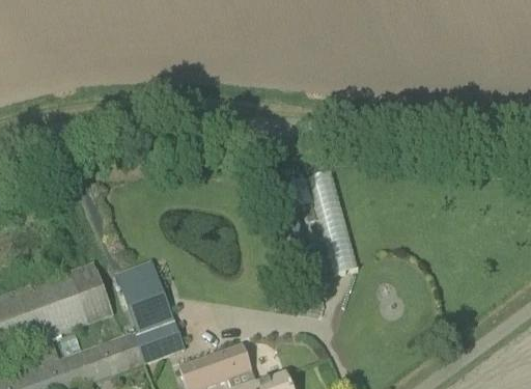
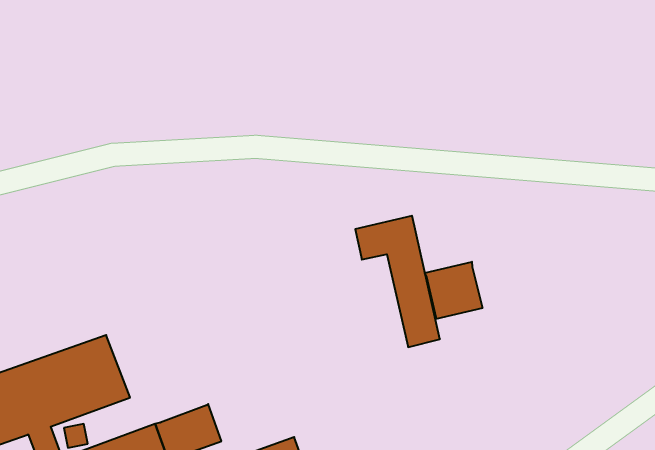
building: none -> [425,262,482,319]
building: [118,269,172,331] -> none

